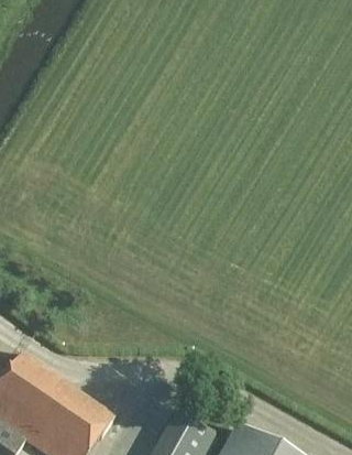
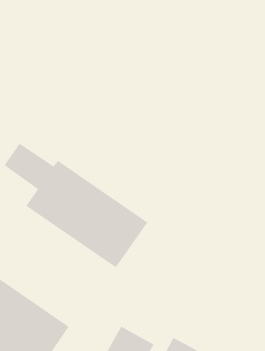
building: none -> [4,143,148,268]

